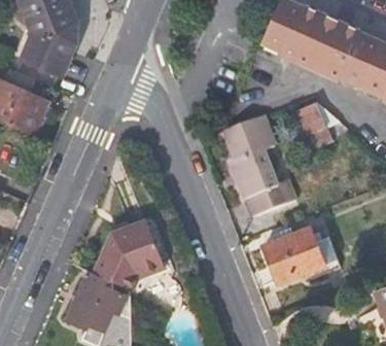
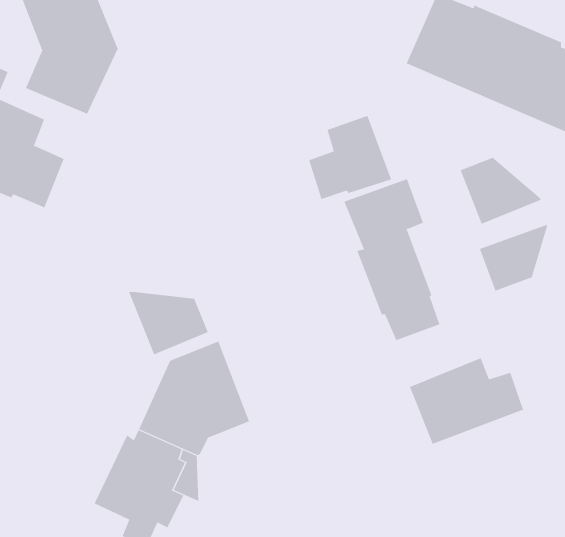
building: none -> [308,115,392,200]
building: none -> [479,224,548,291]
building: none -> [128,291,209,355]

